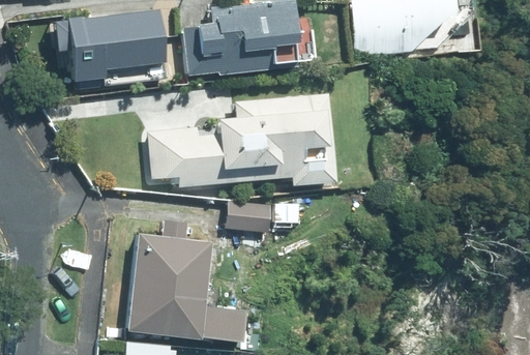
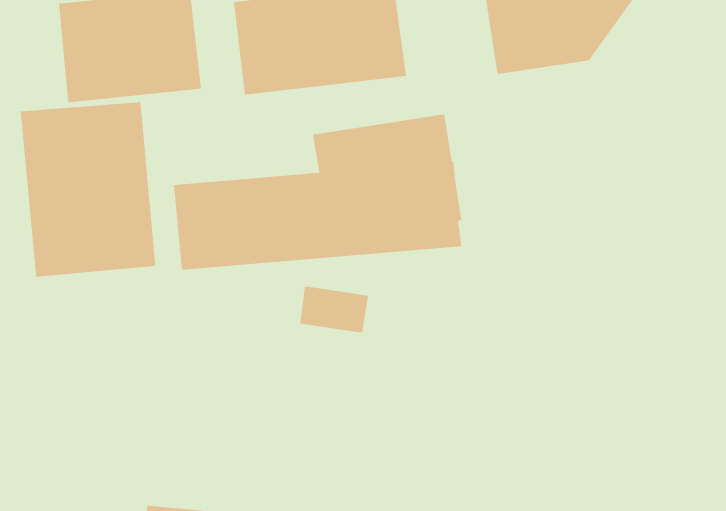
building: none -> [20,102,156,277]
building: [128,234,244,342] -> none

